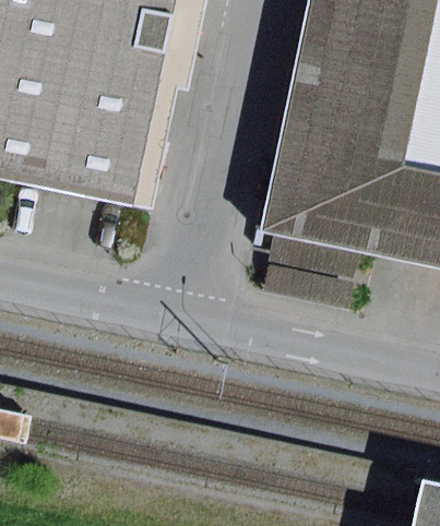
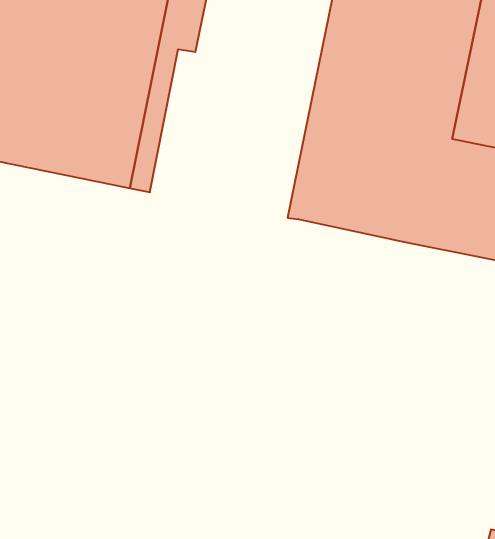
building: [259,230,358,310] -> none

